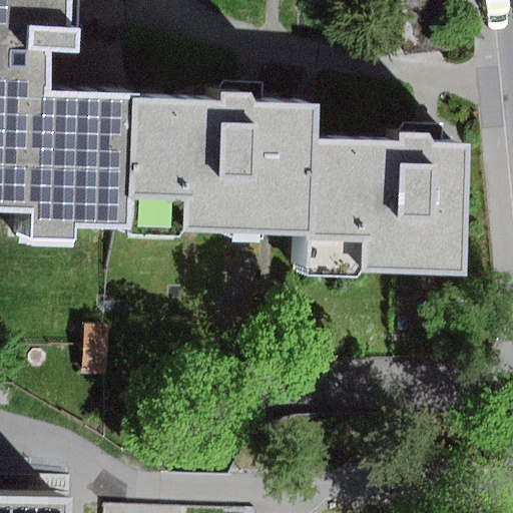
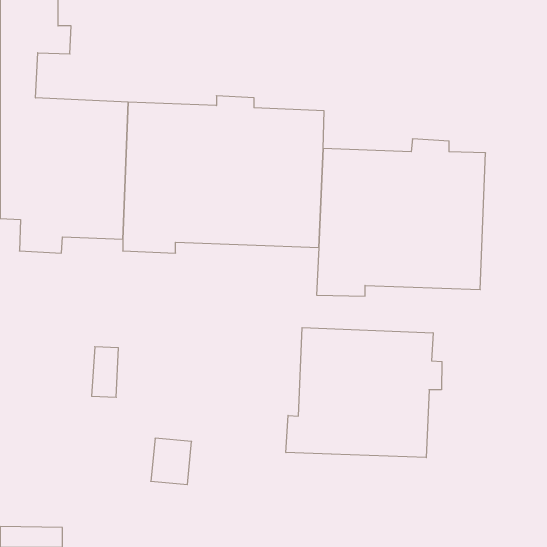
building: none -> [286,328,442,458]

